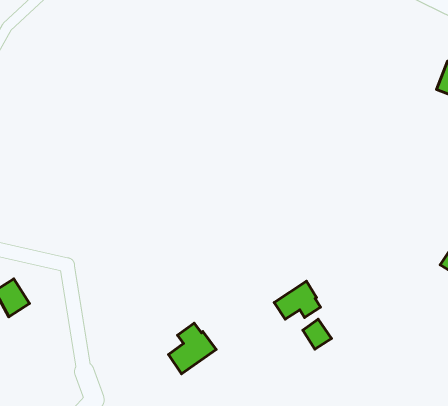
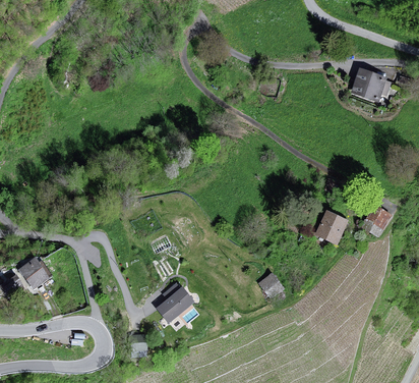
building: none -> [317,212,347,243]
building: [274,281,320,319] -> none

